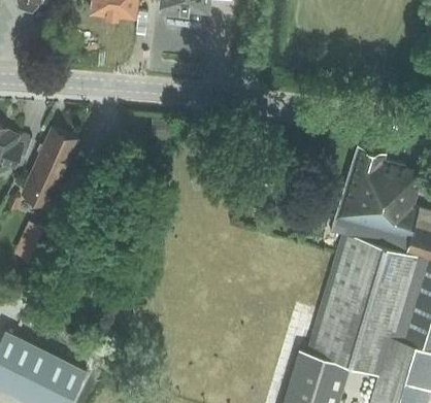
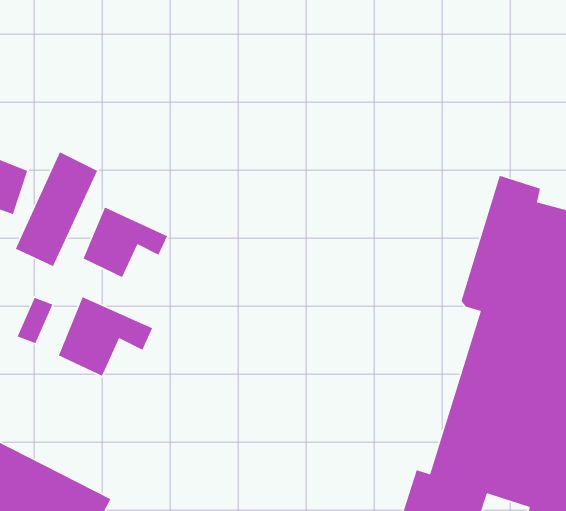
building: none -> [83,207,168,278]
building: none -> [58,296,153,377]

